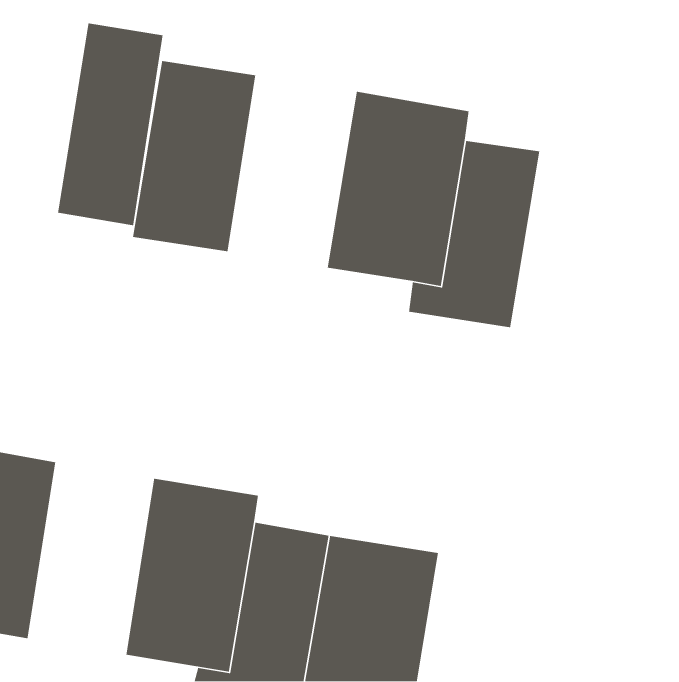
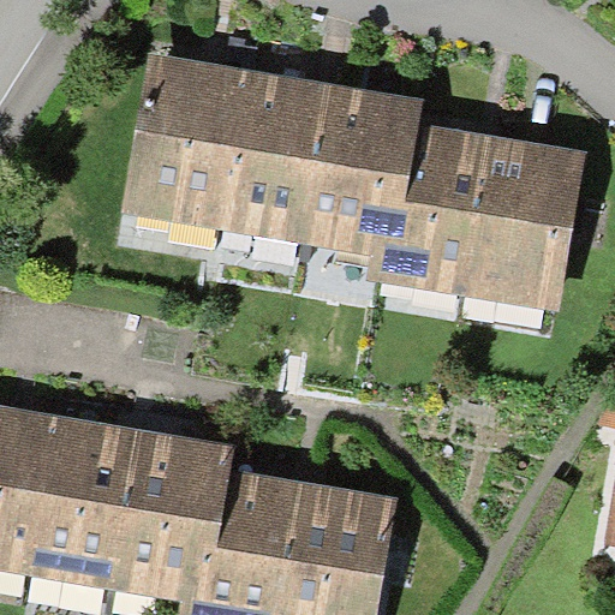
building: [57,22,163,226] -> none
building: none -> [205,67,321,241]
building: none -> [460,136,585,312]
building: none -> [25,416,138,590]

